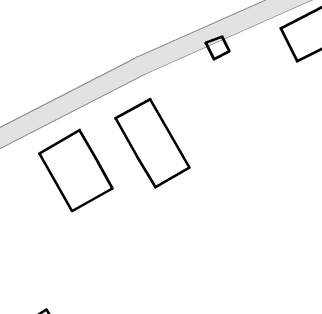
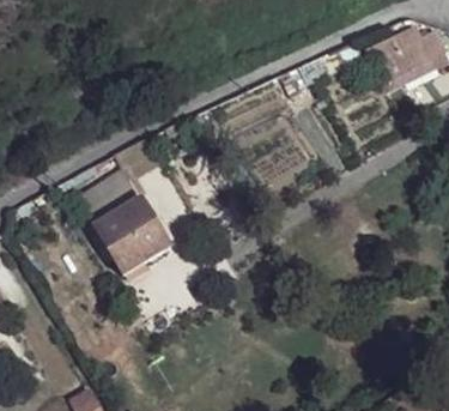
building: [115,99,189,187] -> none

